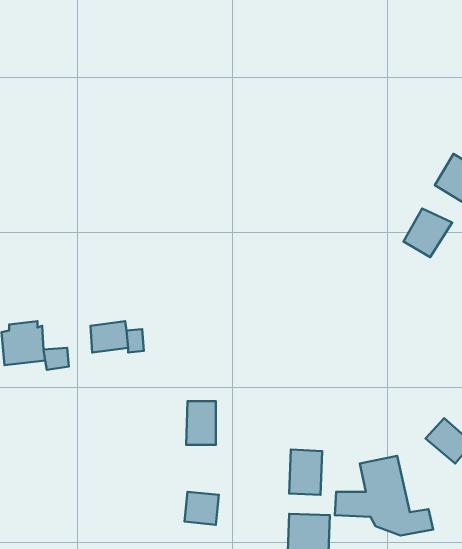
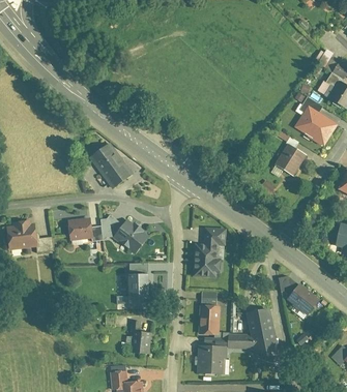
building: none -> [90,143,134,188]
building: none -> [115,217,151,252]
building: none -> [193,228,225,276]

